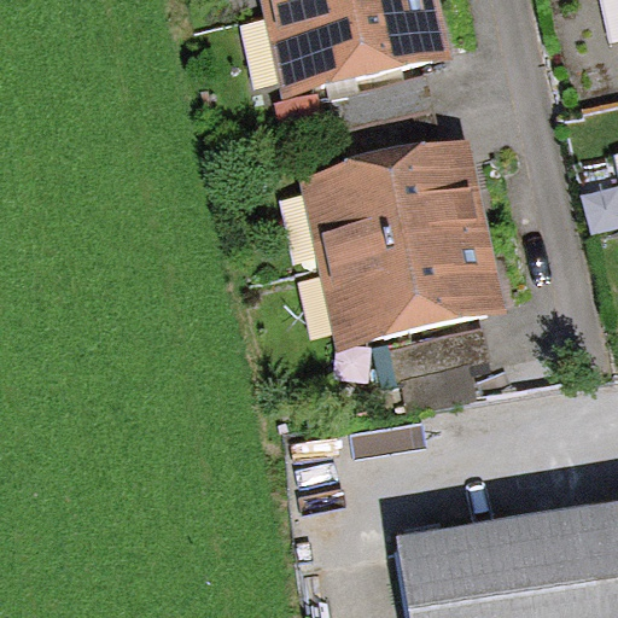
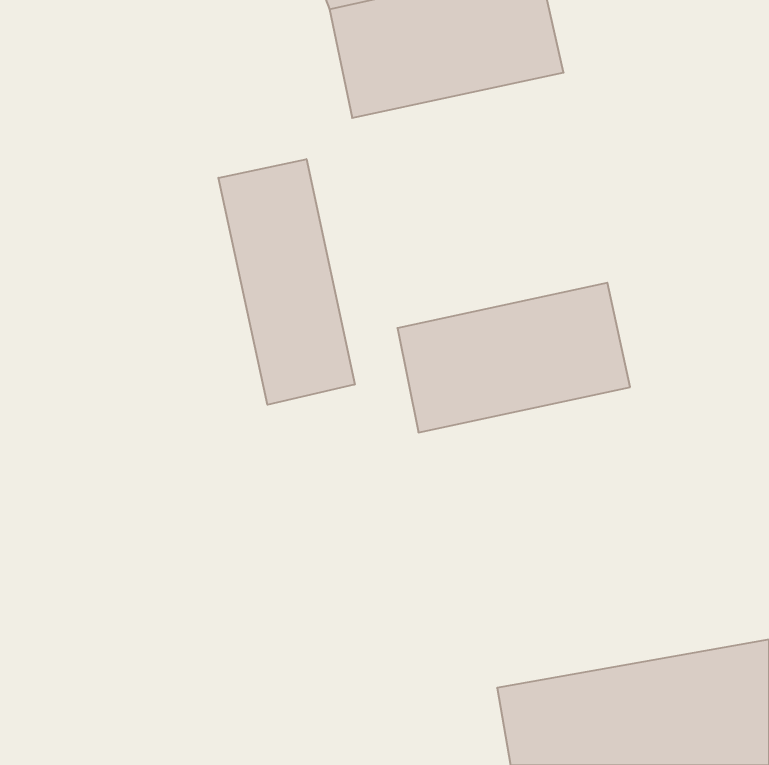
building: none -> [218,159,355,405]
building: [298,142,485,262] -> none

